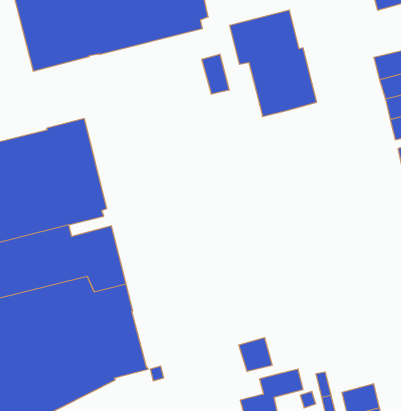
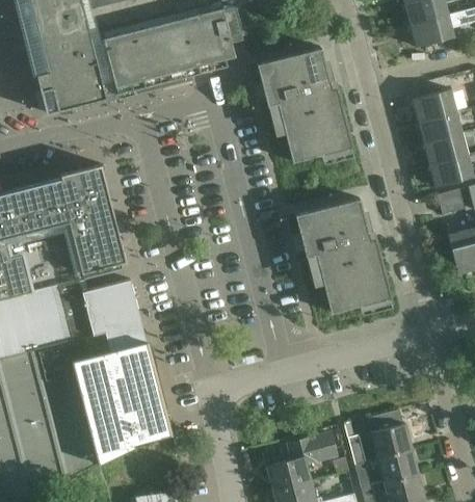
building: [202,54,229,94] -> none
building: none -> [295,197,389,312]
building: [239,338,272,372] -> none
building: none -> [367,409,412,457]

